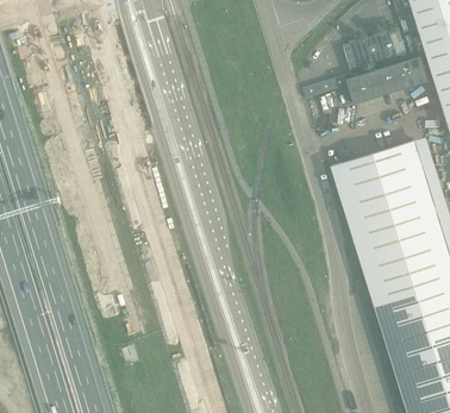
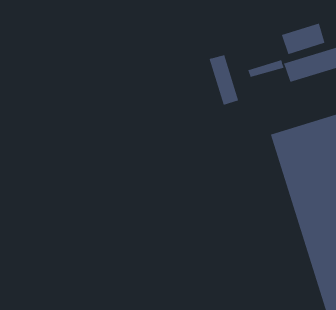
building: none -> [208,54,239,106]

